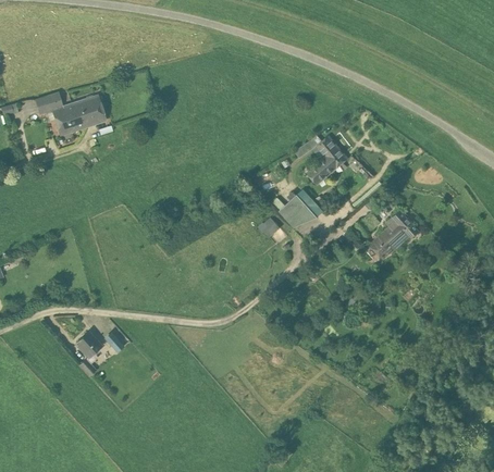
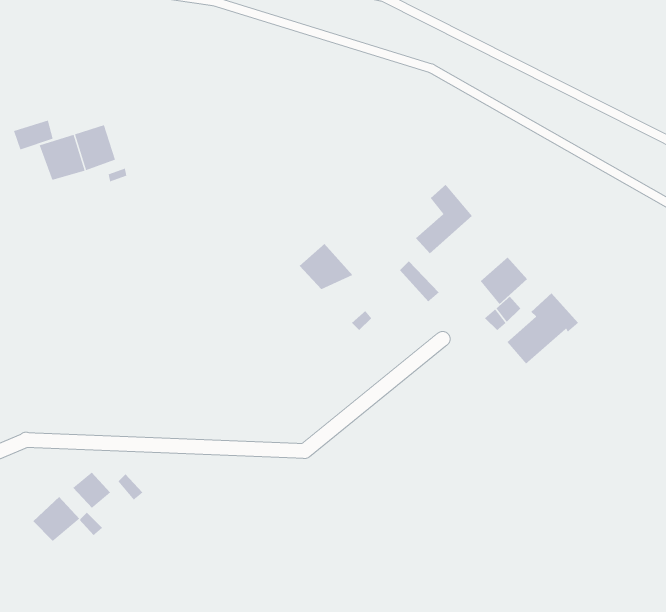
building: none -> [480,256,528,305]
building: [280,195,317,226] -> [299,243,353,290]
building: none -> [33,496,80,542]

